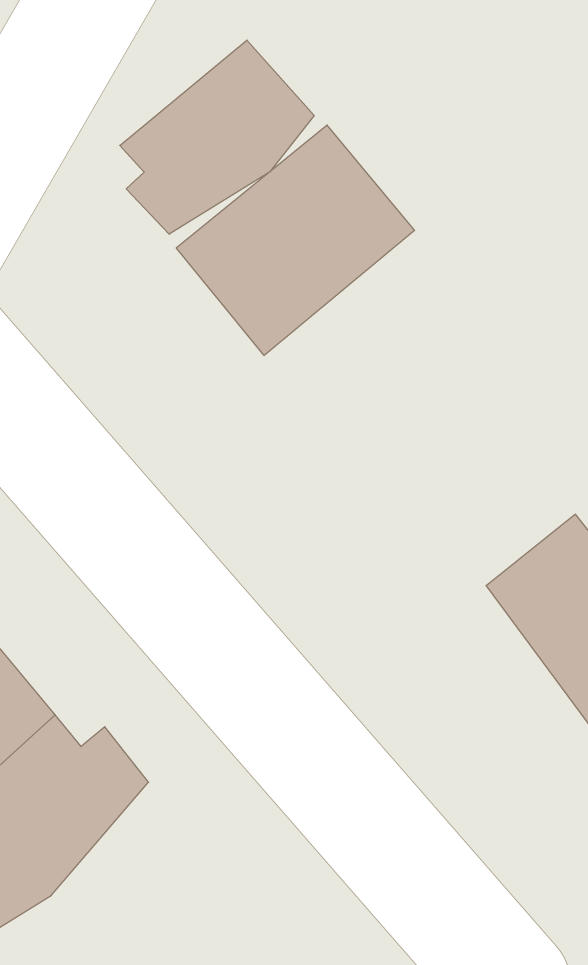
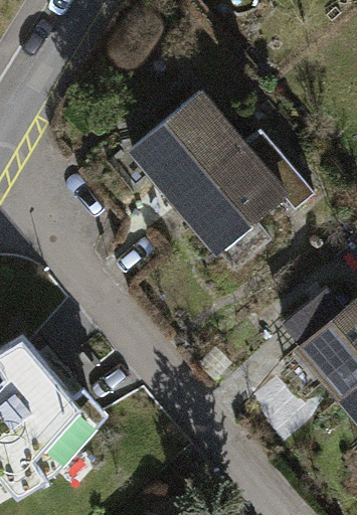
building: [120,40,314,234] -> none
building: none -> [169,130,313,256]

